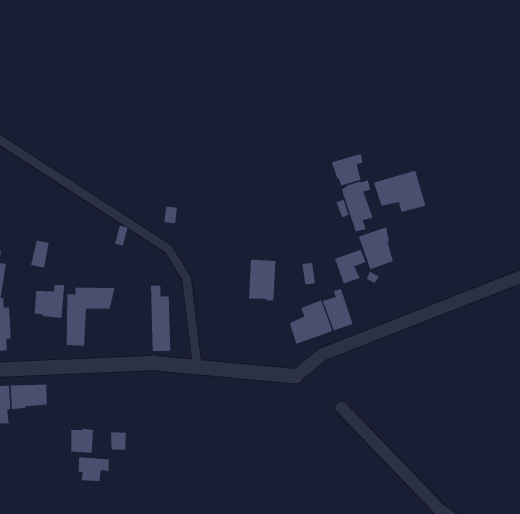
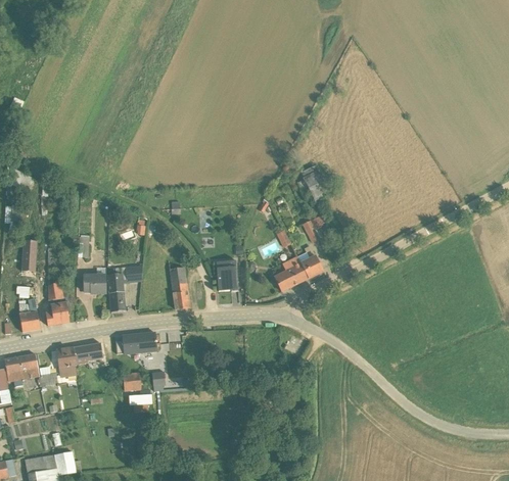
building: [331,153,363,186] -> none
building: [373,170,426,213] -> none
building: [358,227,394,270] -> none
building: [248,259,276,301] -> [216,260,237,291]
building: none -> [114,333,156,354]

